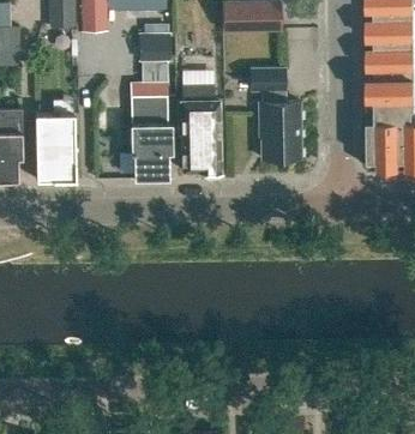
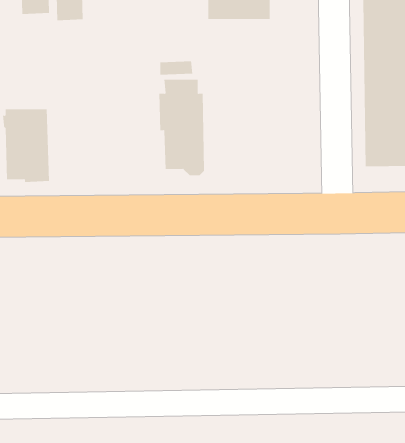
building: [139,34,170,61] -> none
building: [251,66,300,159] -> none
building: [128,83,173,182] -> none

